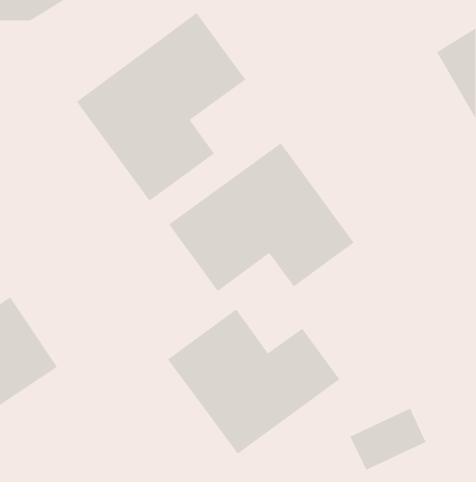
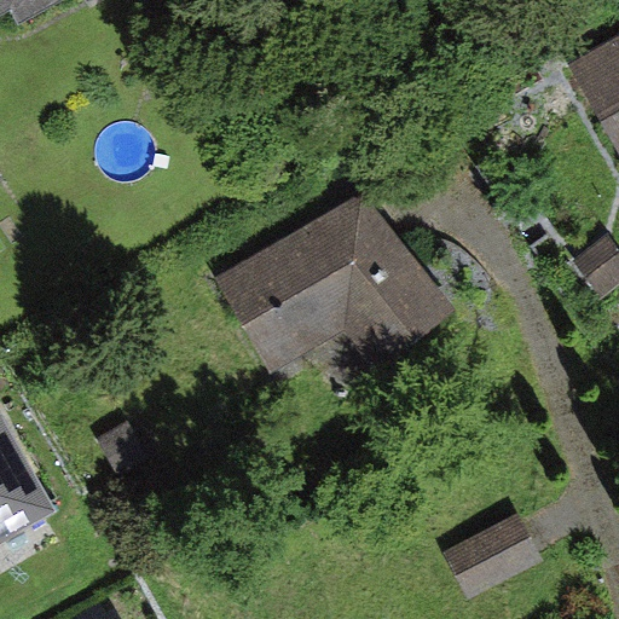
building: [76,12,246,201] -> none
building: [167,309,340,454] -> none

